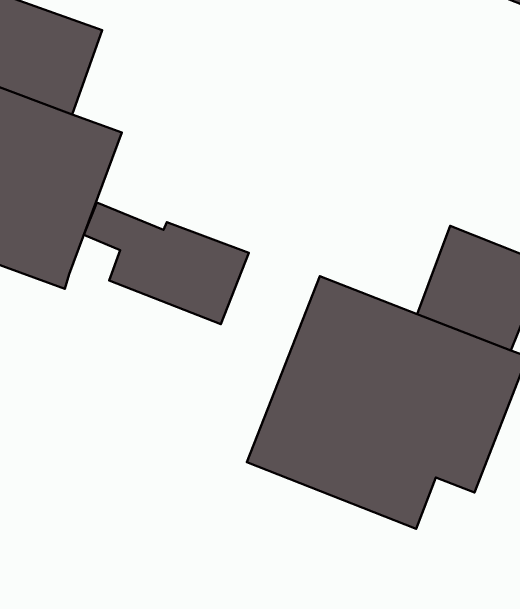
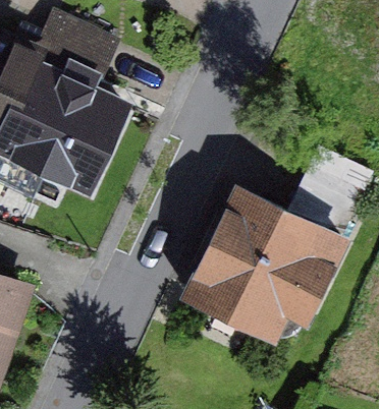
building: [84,203,249,324] -> none

